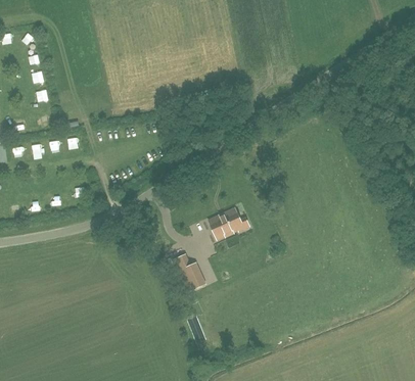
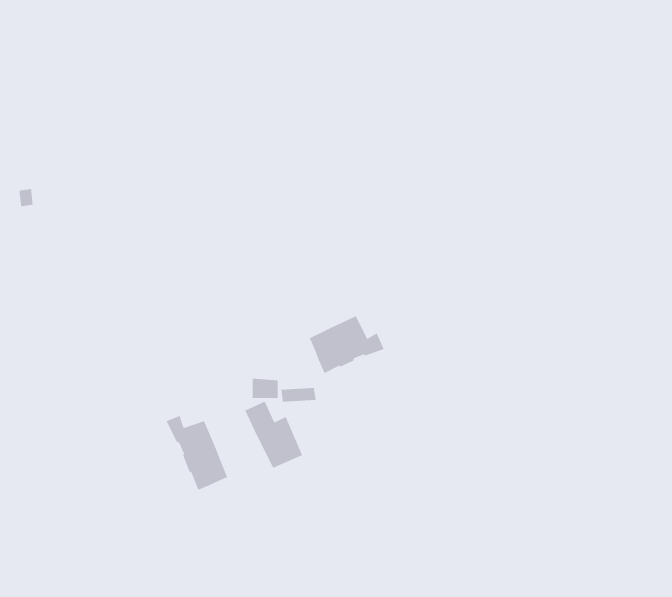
building: none -> [165,415,228,491]

